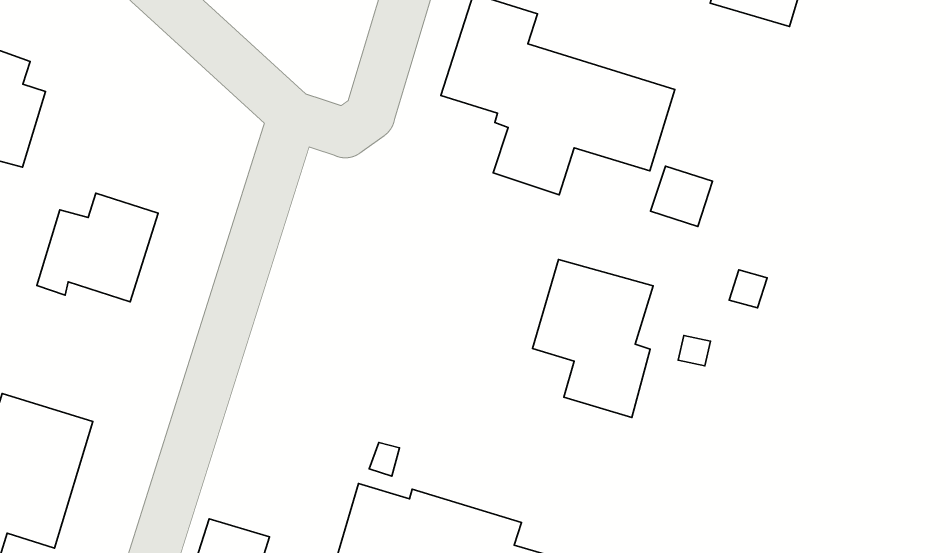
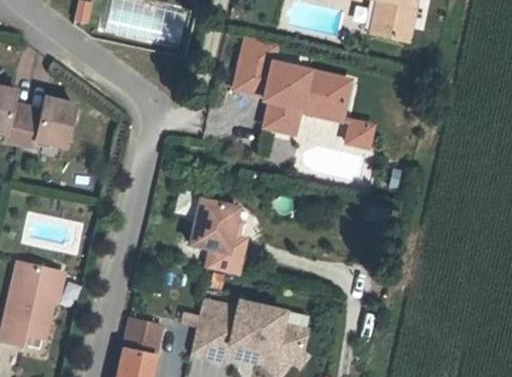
building: [37,193,158,302] -> [18,94,78,149]
building: [533,259,653,417] -> [187,197,248,276]

